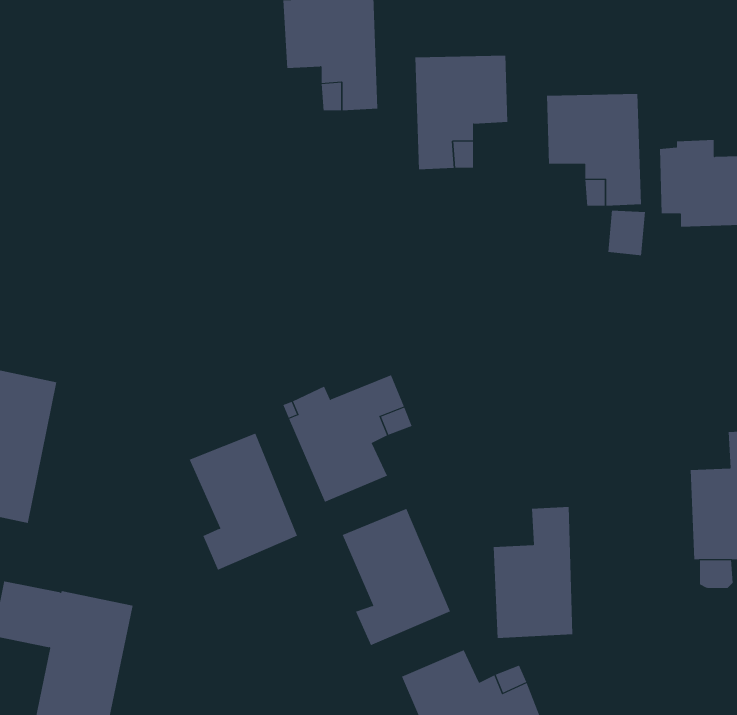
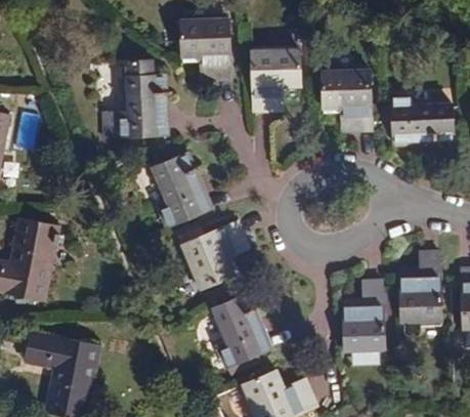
building: none -> [102,59,166,137]
building: [189,433,298,570] -> [152,153,210,226]
building: [493,507,573,638] -> [342,280,385,350]

